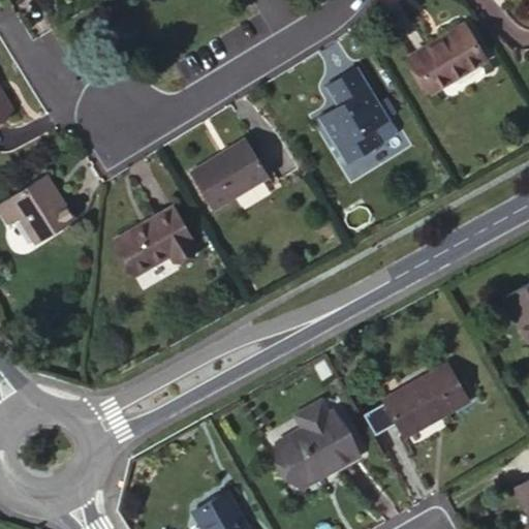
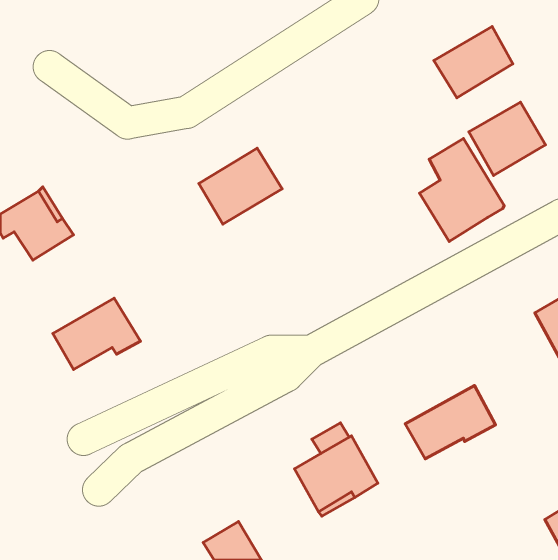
building: [318,69,398,166] -> [419,138,504,242]
building: none -> [469,102,546,175]
building: [115,209,197,276] -> [53,298,141,370]

